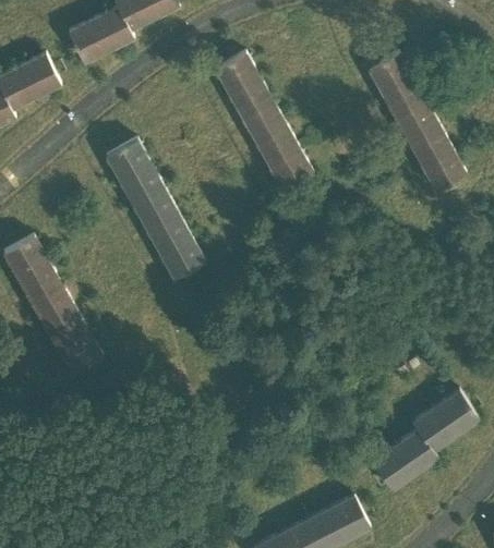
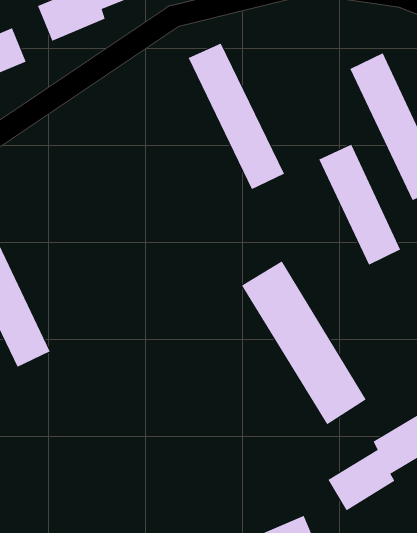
building: [108,141,205,279] -> none
building: none -> [319,144,401,266]
building: none -> [241,260,366,425]

